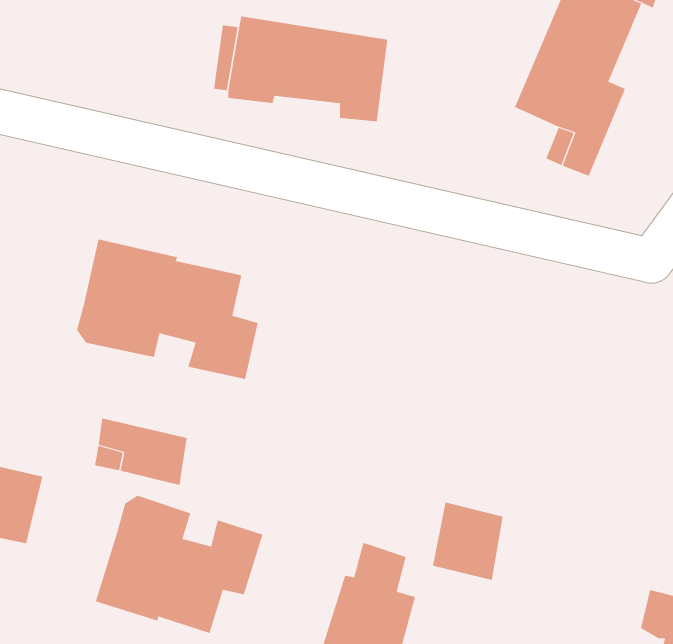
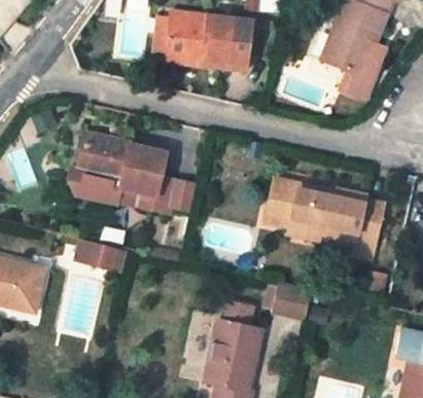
building: none -> [266,183,385,261]
building: [95,495,263,634] -> none

